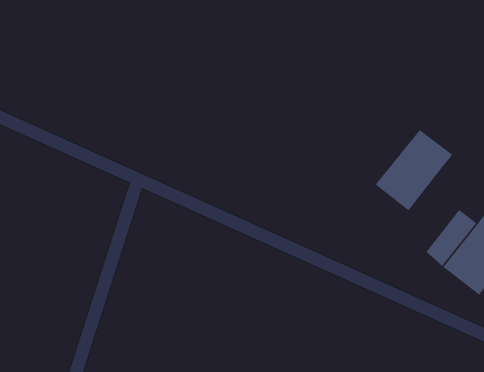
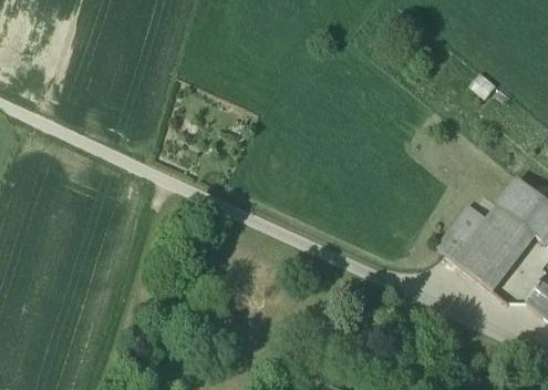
building: [375,129,453,211] -> none

